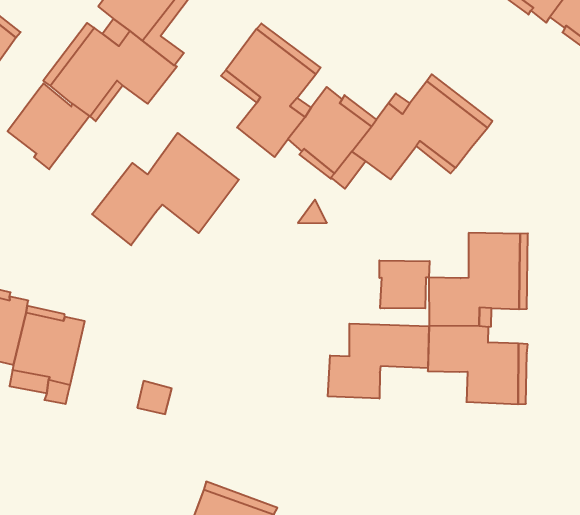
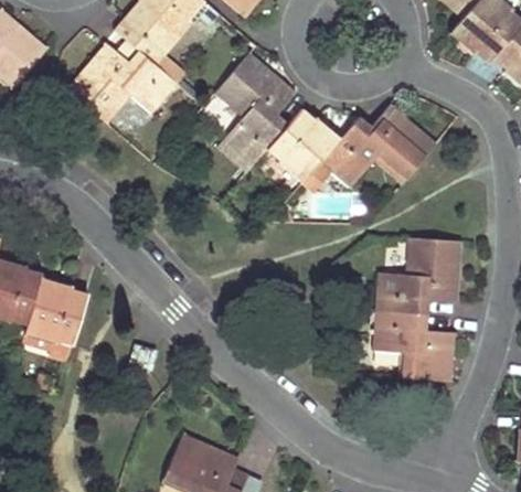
building: [8,83,90,169] -> none
building: [92,133,239,245] -> none
building: [379,260,430,308] -> none
building: [328,324,429,399] -> none

